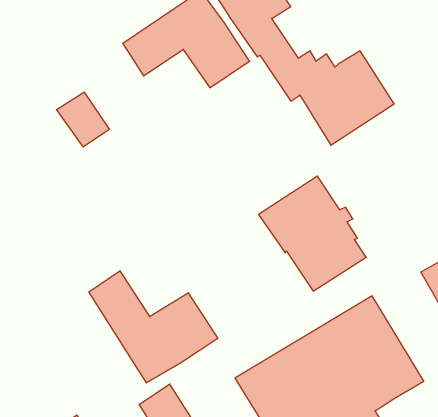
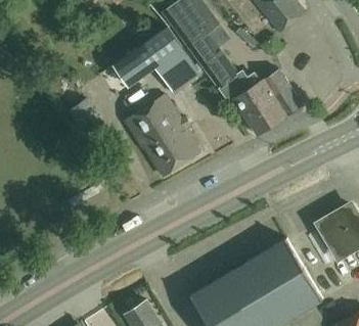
building: [259,176,366,291] -> [125,95,199,175]
building: [89,271,218,383] -> none

